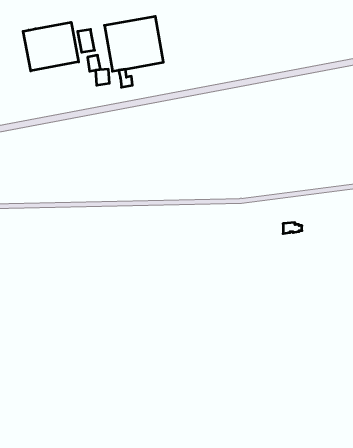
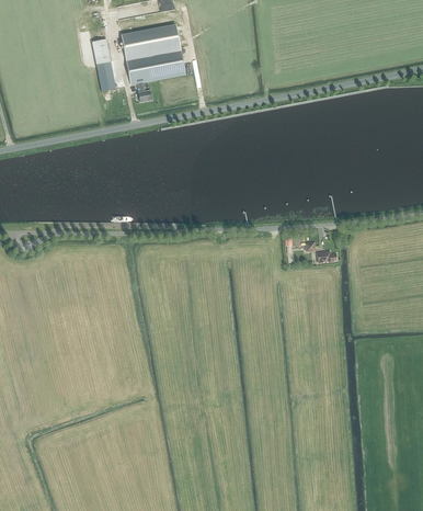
building: [23,22,79,71] -> none

